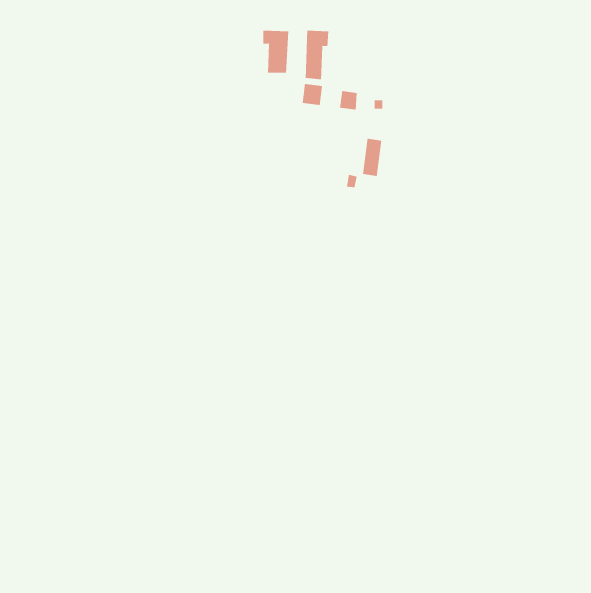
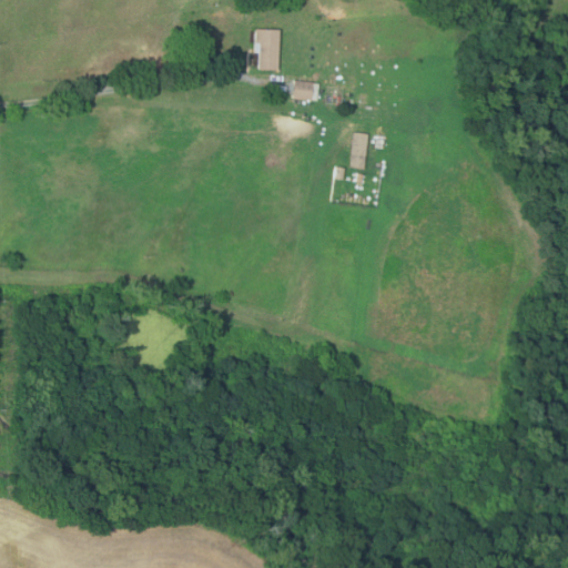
building: [305,30,329,80] -> none

